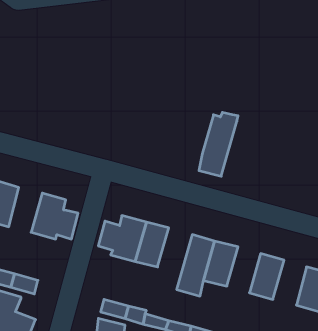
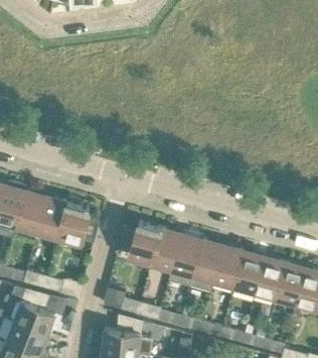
building: [199,112,238,176] -> [167,231,202,288]
building: none -> [36,197,66,237]
building: none -> [232,250,263,291]
building: none -> [274,262,304,303]

